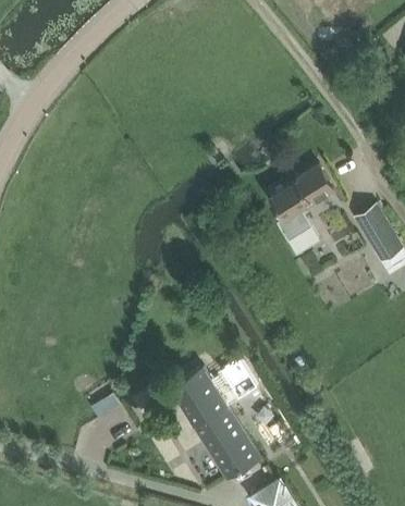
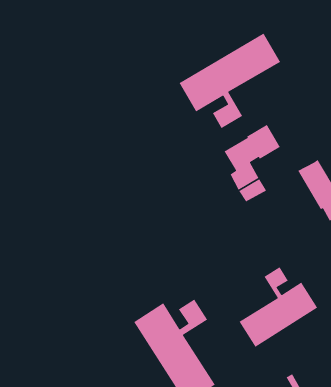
building: none -> [178,33,281,129]
building: none -> [239,266,318,348]

